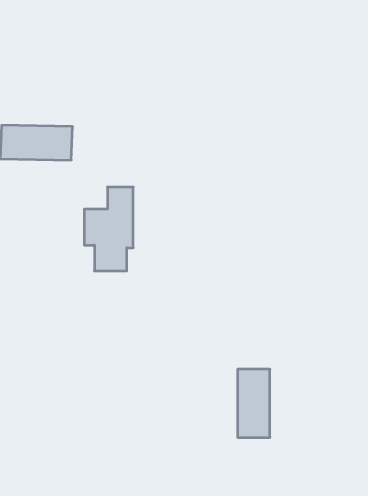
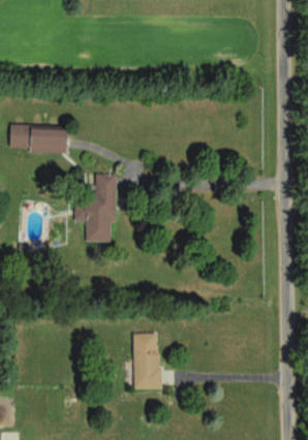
building: [238,369,270,437] -> [133,335,159,389]

